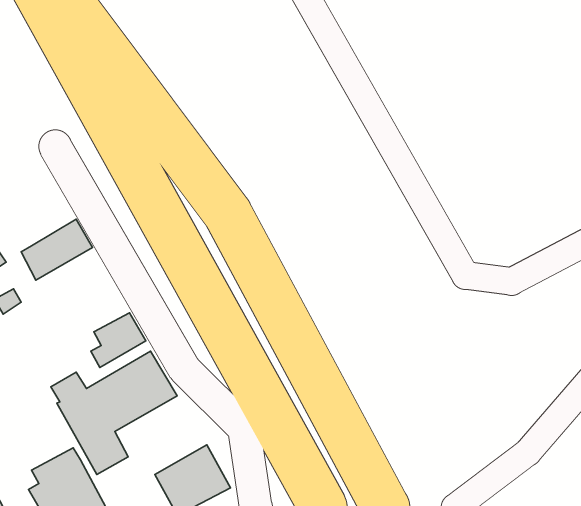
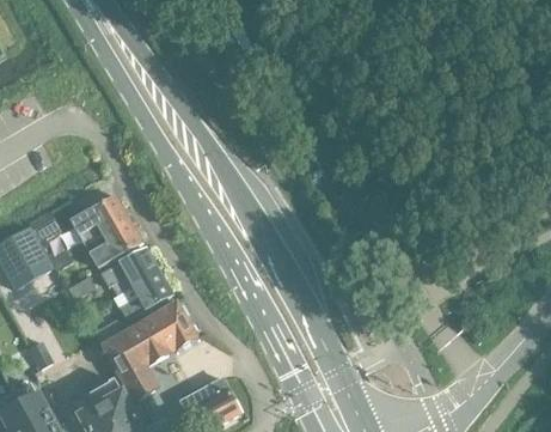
building: none -> [84,217,142,266]
building: none -> [92,245,159,290]

